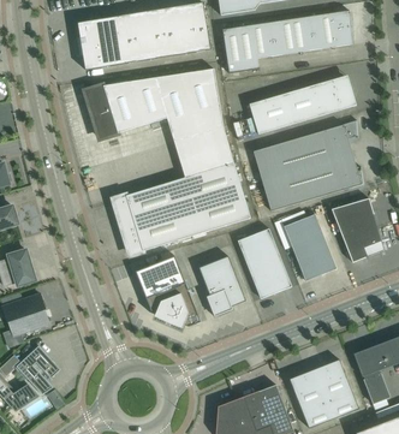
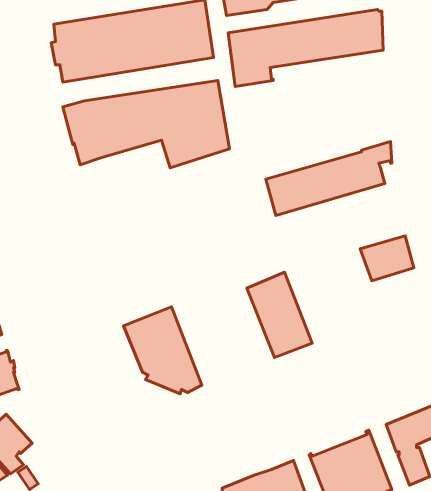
building: [249,77,356,133] -> none
building: [114,125,250,254] -> none
building: [262,154,364,210] -> none
building: [284,213,337,279] -> none
building: [341,224,385,262] -> none
building: [198,255,245,316] -> none

